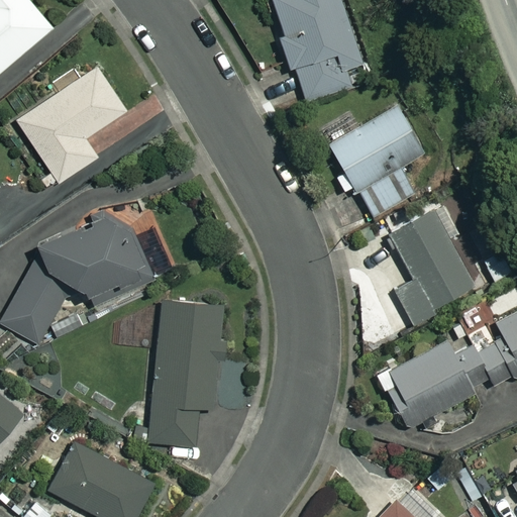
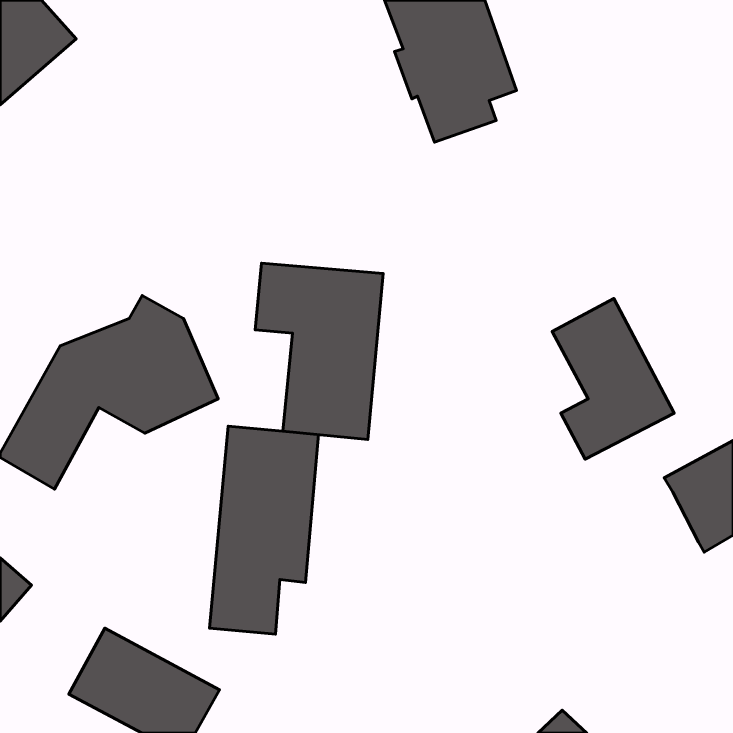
building: [16,67,125,183] -> none
building: [329,106,424,217] -> none
building: none -> [255,263,383,440]
building: [379,339,492,427] -> none

